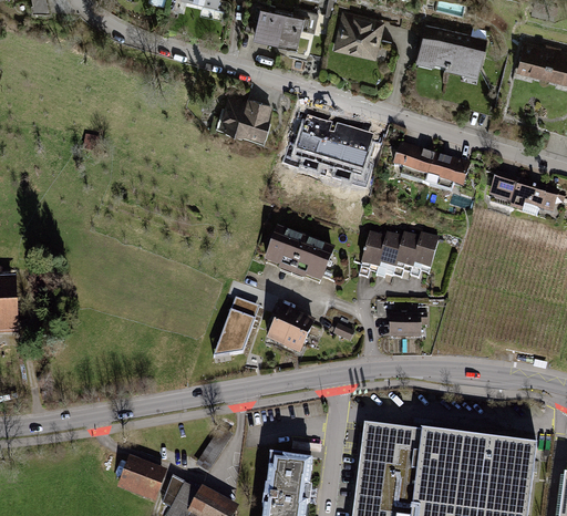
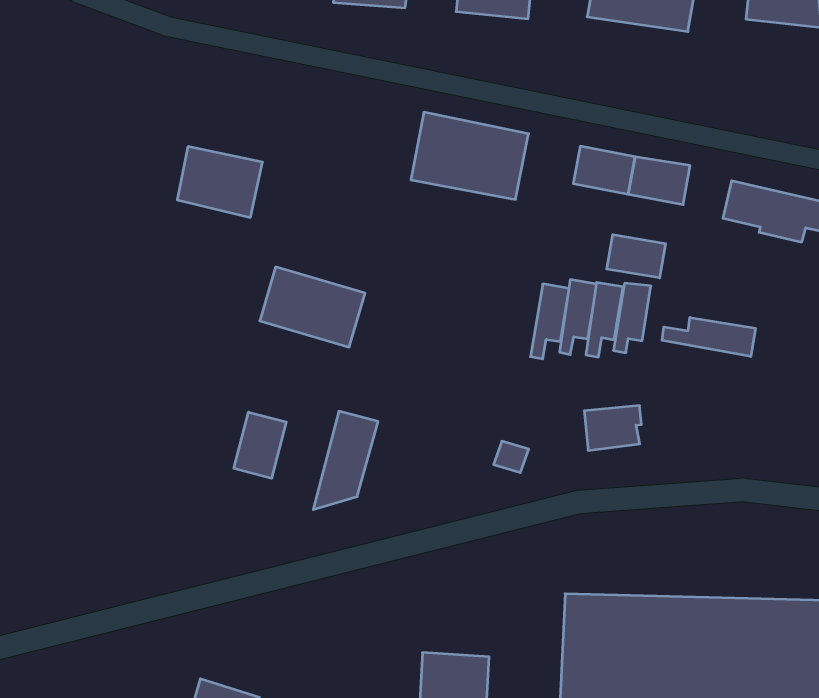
building: [218,93,275,142] -> [177,147,263,217]
building: none -> [607,235,666,278]
building: [266,226,334,281] -> [260,267,365,347]
building: none -> [662,317,755,357]
building: none -> [234,412,286,478]
building: [267,303,317,354] -> none

